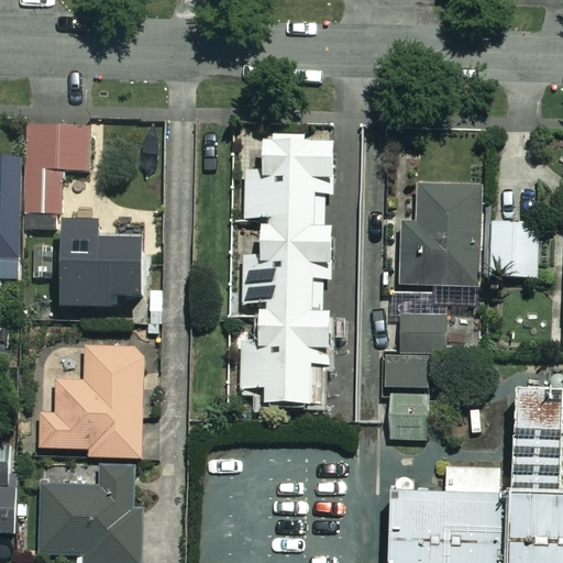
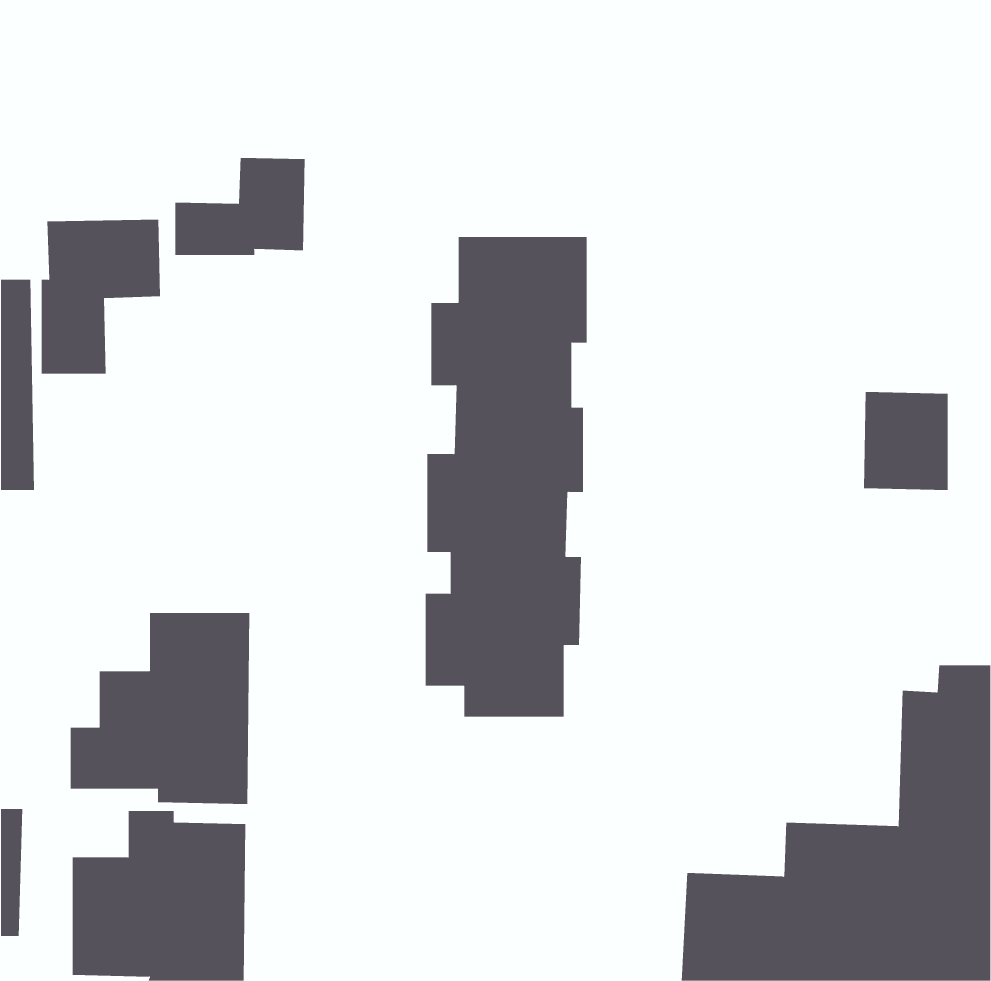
building: none -> [175,157,305,256]
building: [398,188,477,288] -> none
building: [58,225,137,312] -> none
building: [387,314,443,438] -> none

